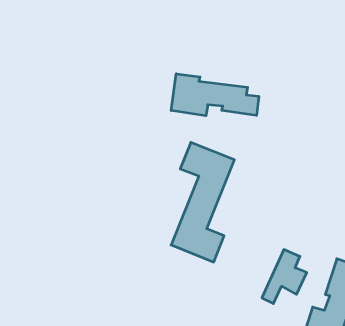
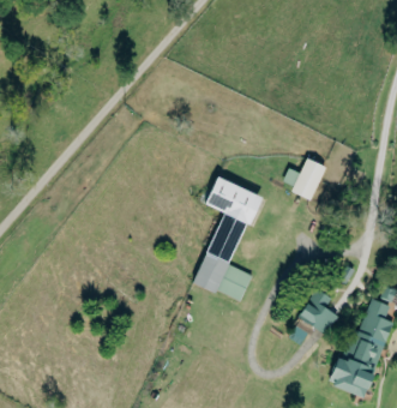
building: [171,74,259,116] -> none
building: none -> [282,157,326,199]

